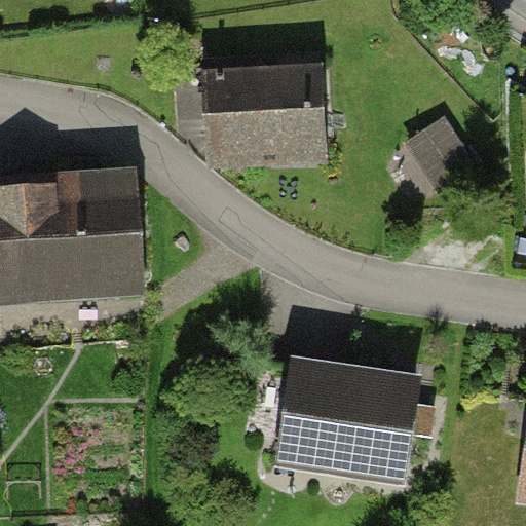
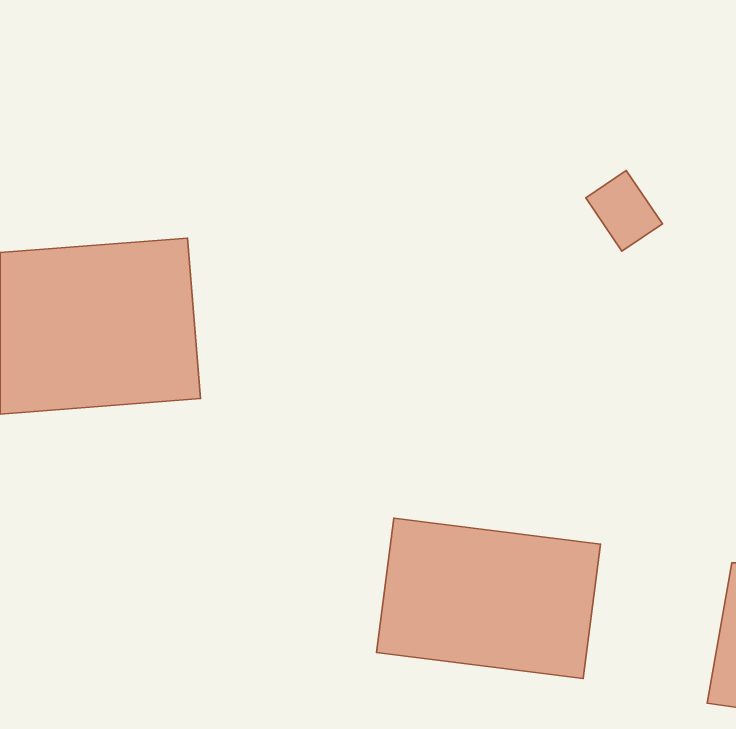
building: [213,71,321,162] -> none

